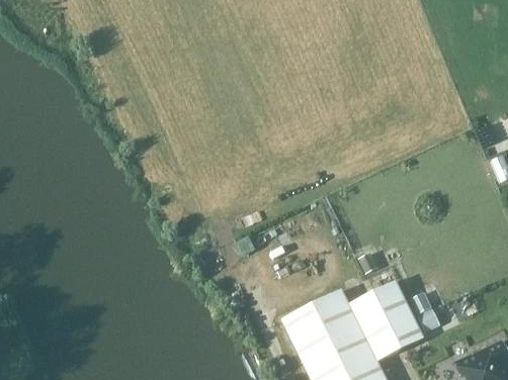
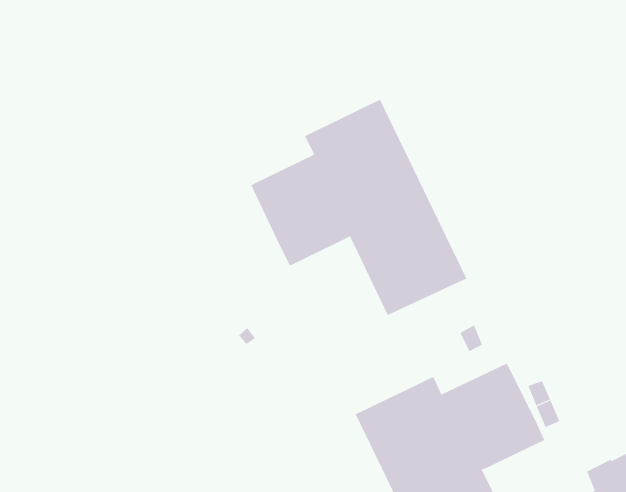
building: none -> [251,99,467,316]

